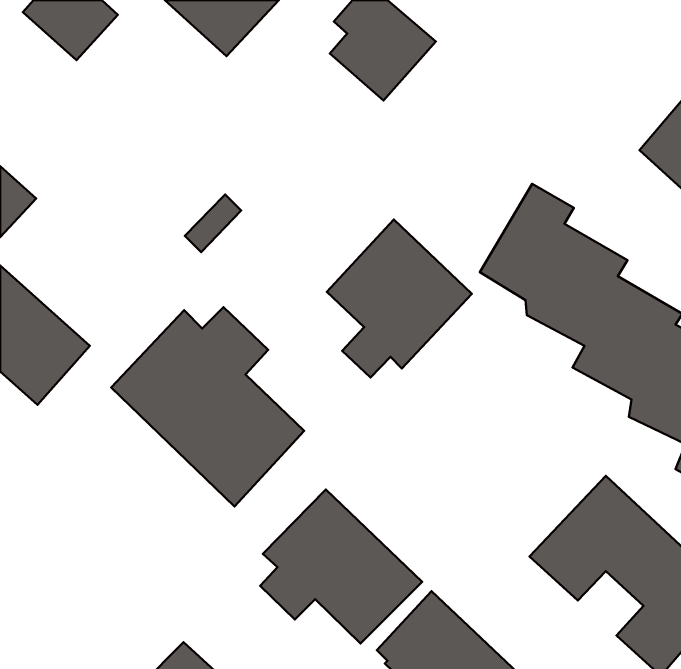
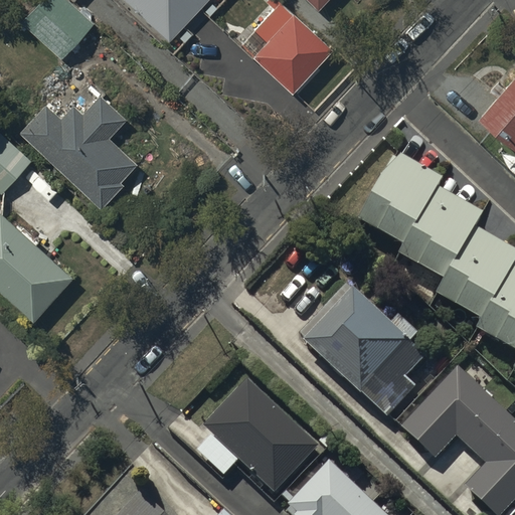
building: none -> [16,93,135,205]
building: [327,219,472,378] -> none
building: [111,307,304,507] -> none
building: none -> [302,285,424,415]

